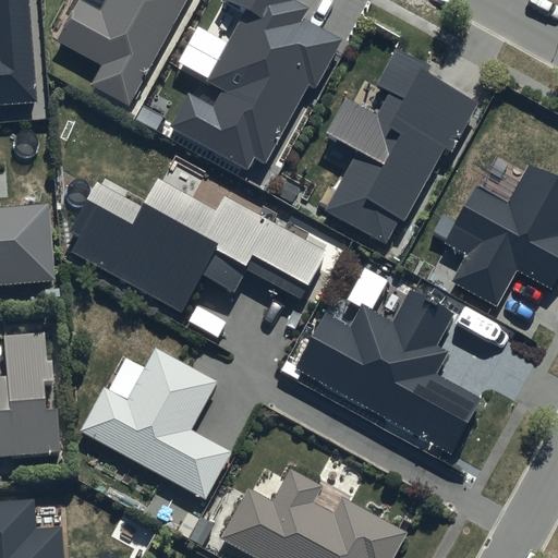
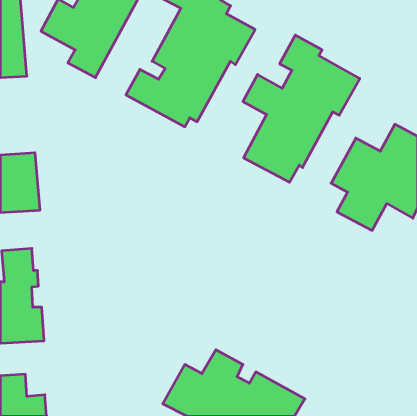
building: [69,178,329,312] -> none
building: [294,290,482,454] -> none
building: [80,349,231,499] -> none

